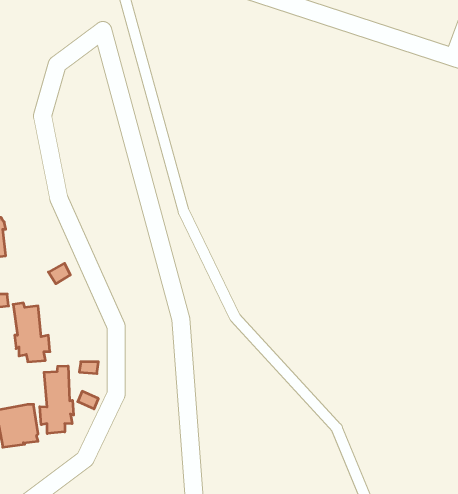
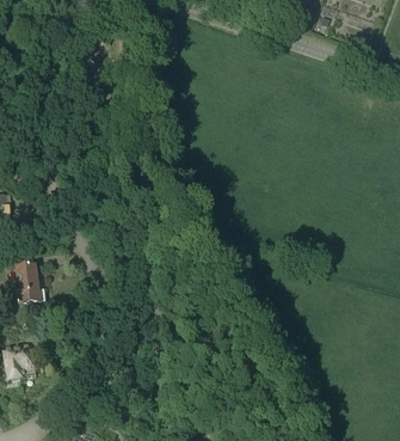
building: [40,366,74,434] -> none

